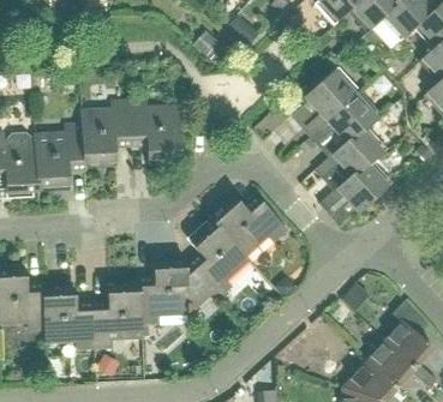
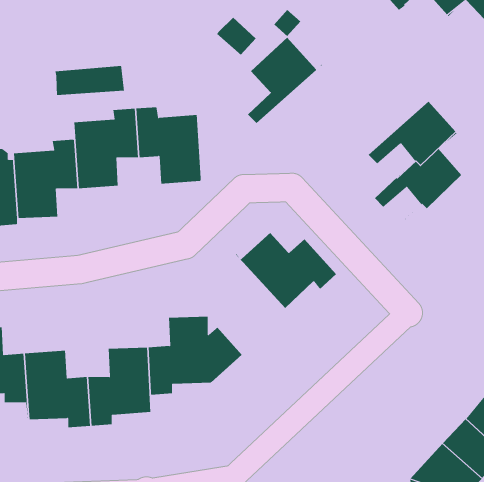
building: none -> [55,65,125,96]
building: [303,70,361,137] -> [247,37,323,124]
building: [319,152,389,212] -> none
building: [186,214,249,298] -> none

